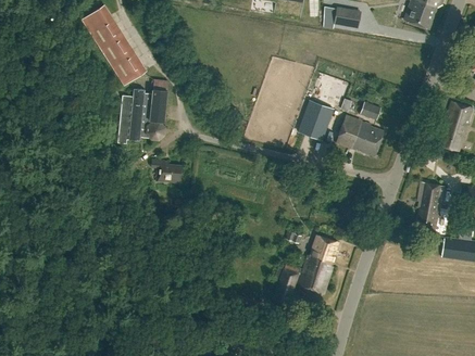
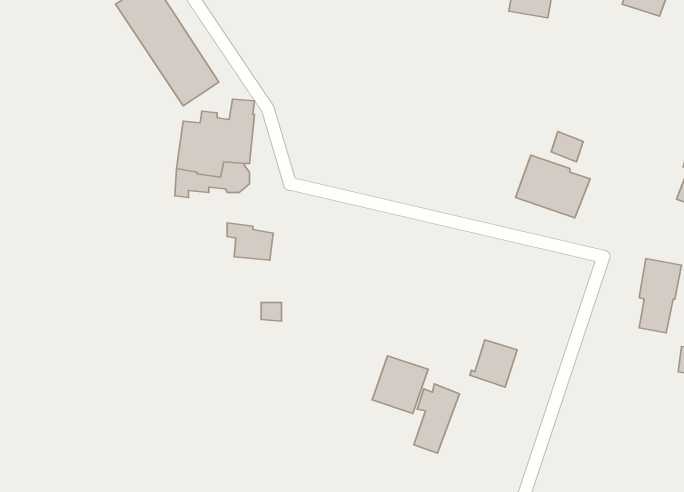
building: [298,101,333,140] -> none
building: [298,257,334,294] -> [372,356,428,413]

